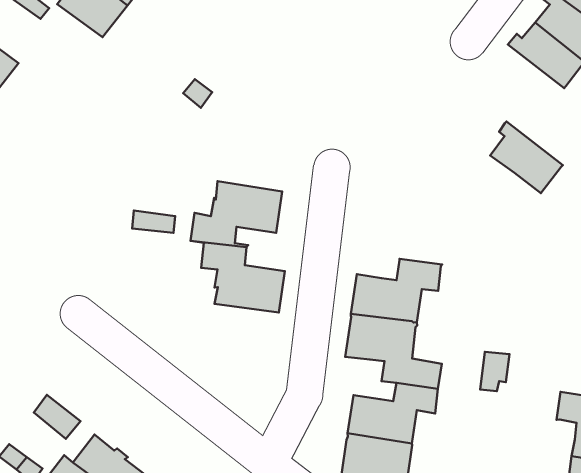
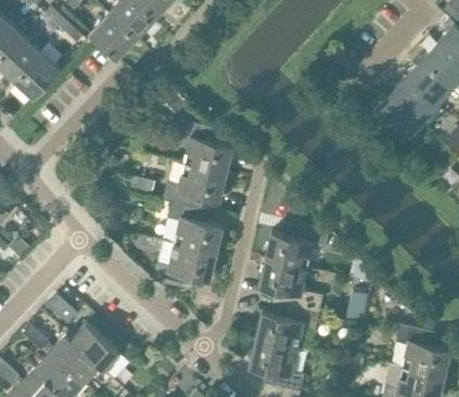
building: none -> [177,123,233,175]
building: [490,121,563,193] -> [373,91,421,141]
building: none -> [154,242,217,289]

